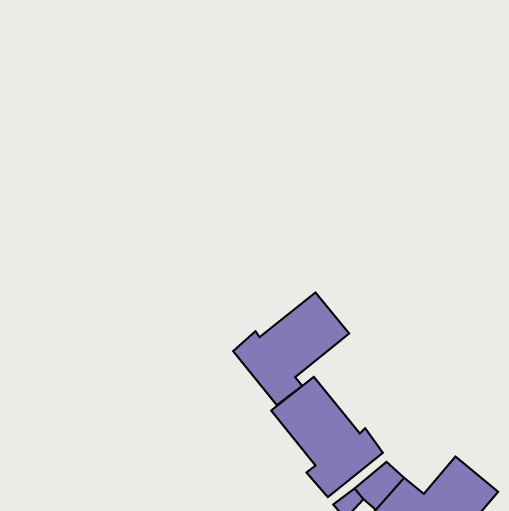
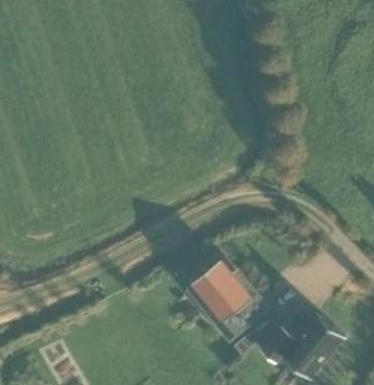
building: [233,293,349,405] -> none

